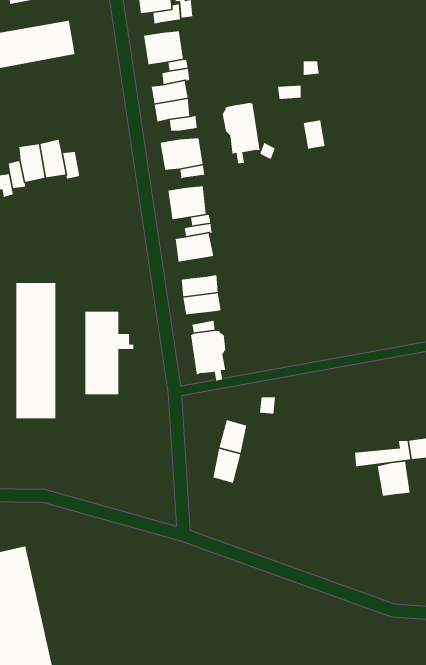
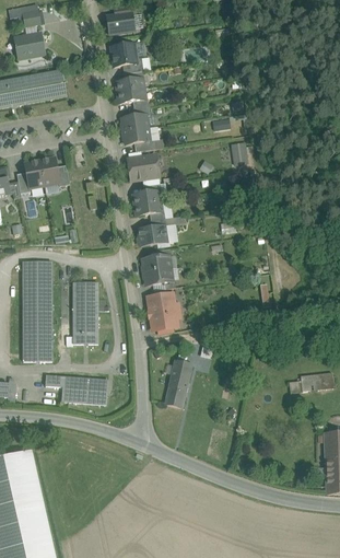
building: [222,102,260,164] -> none
building: none -> [45,374,107,404]
building: [377,461,410,497] -> none

